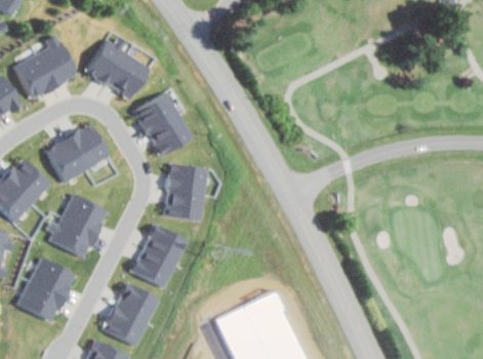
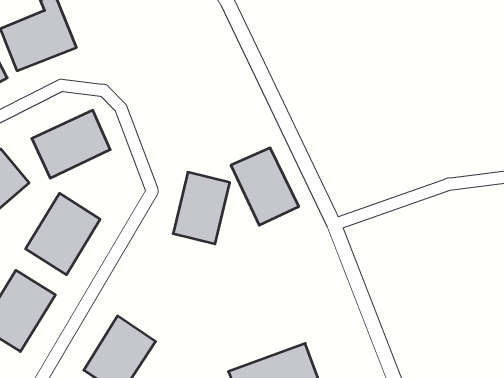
building: [86,42,148,99] -> none
building: [134,94,191,156] -> [231,148,299,225]
building: [131,227,185,290] -> none

